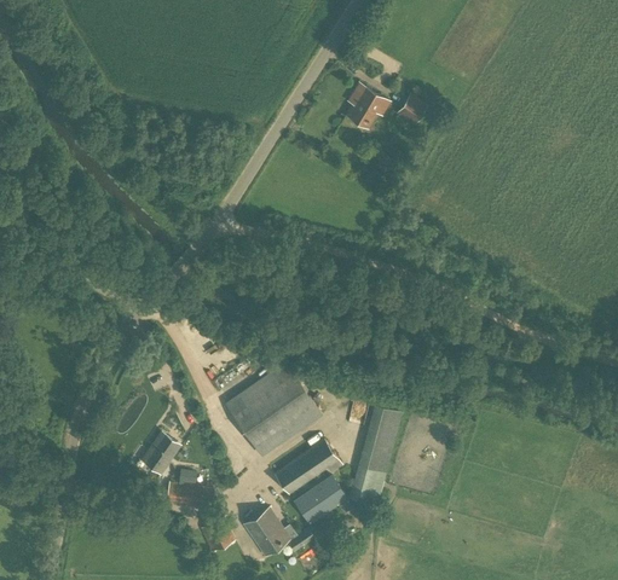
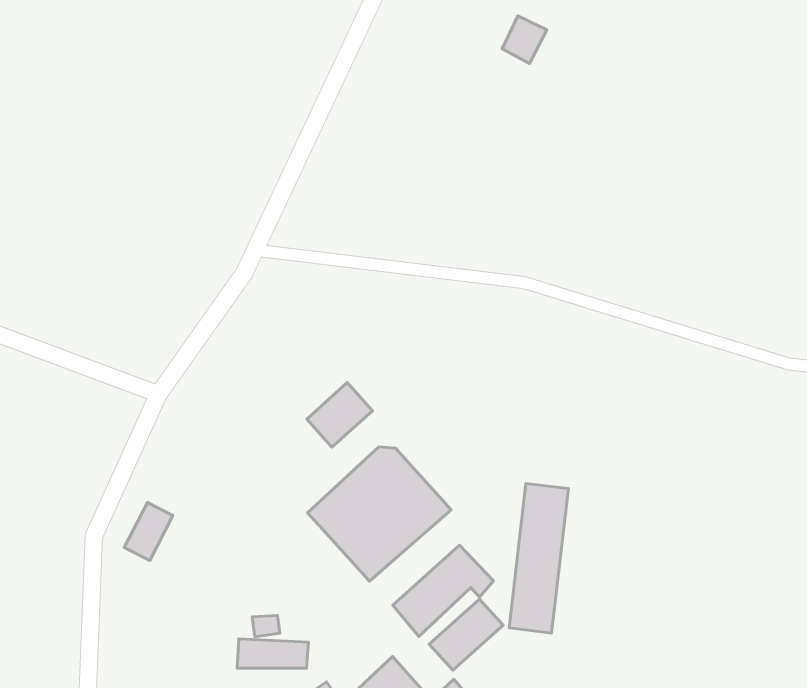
building: [345,86,389,129] -> none
building: none -> [307,383,372,447]
building: [143,434,178,472] -> [124,502,173,560]

